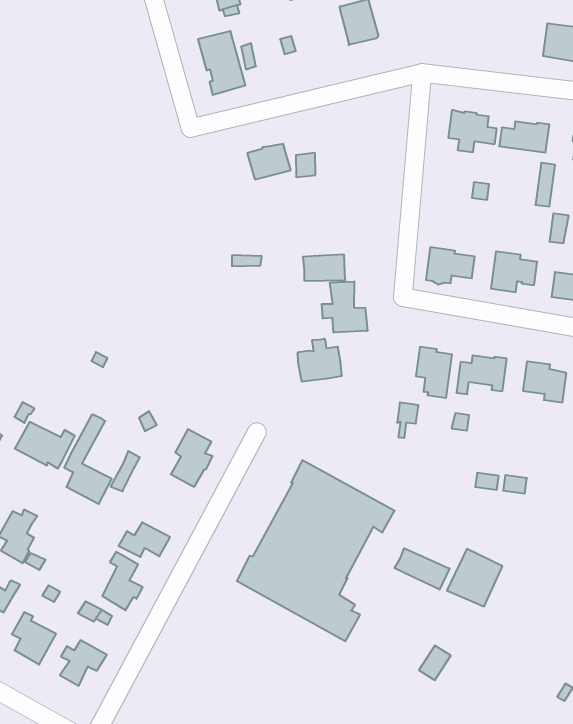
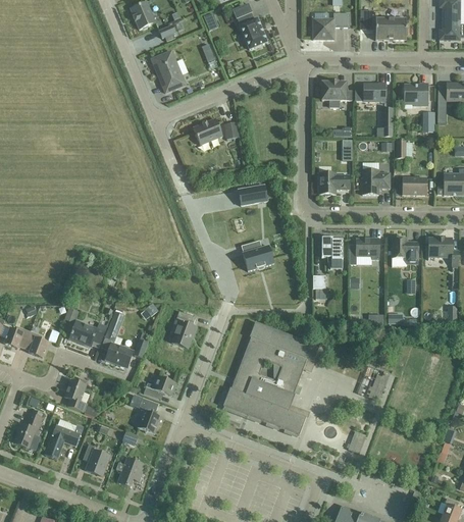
building: none -> [313,12,350,39]
building: [322,281,367,333] -> none
building: [394,548,450,590] -> none

